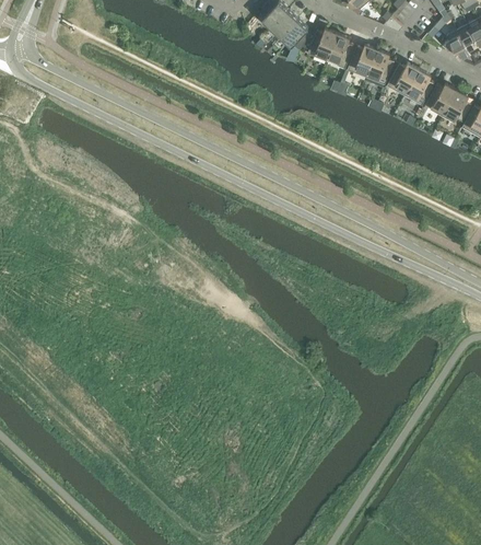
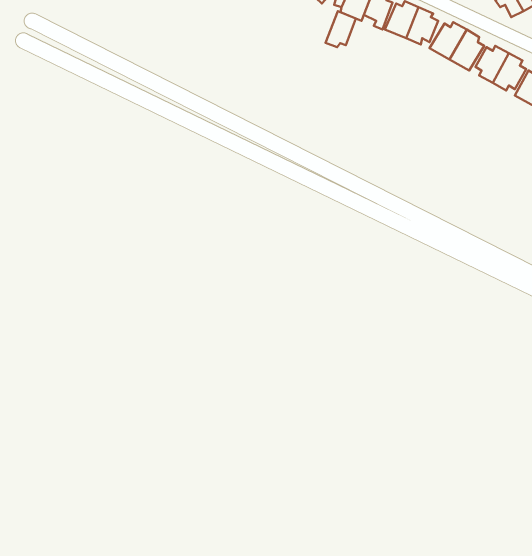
building: none -> [326,11,356,47]

